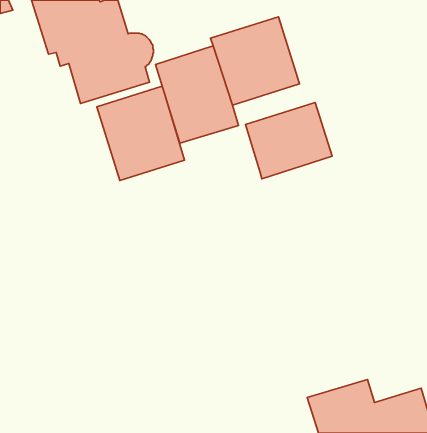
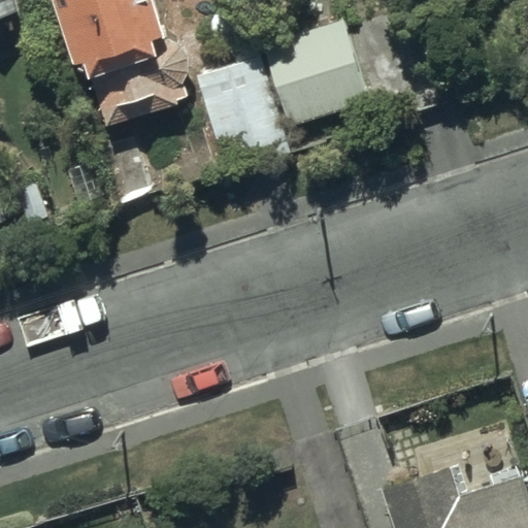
building: [97,86,185,180] -> none
building: [246,103,332,179] -> none

